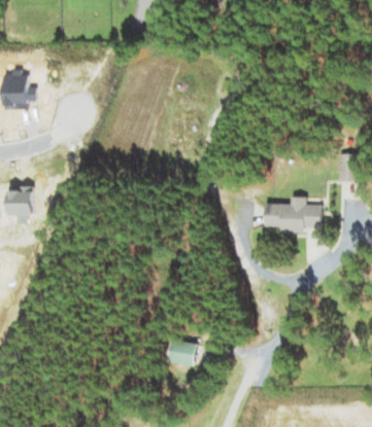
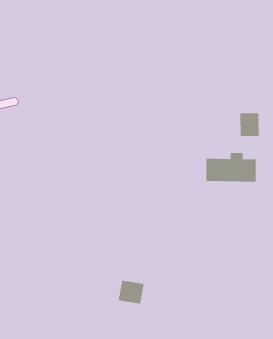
building: none -> [240,113,259,137]

